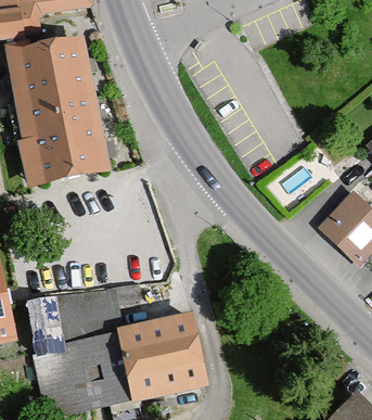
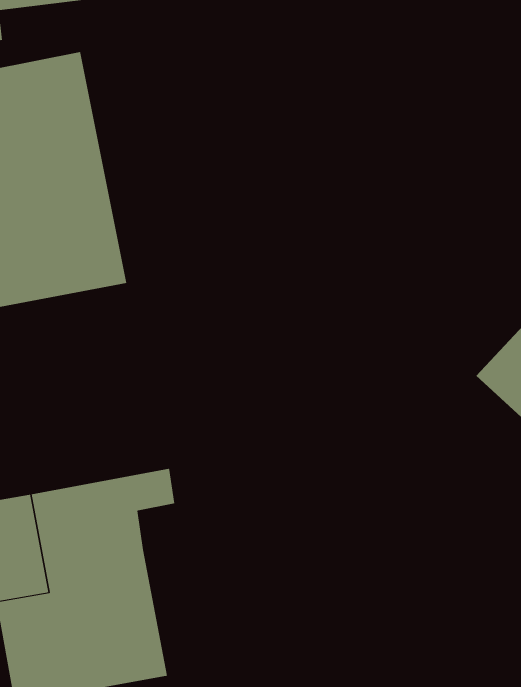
building: [120,313,208,400] -> none

